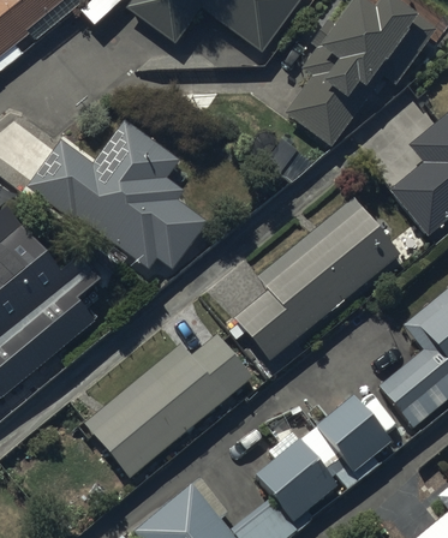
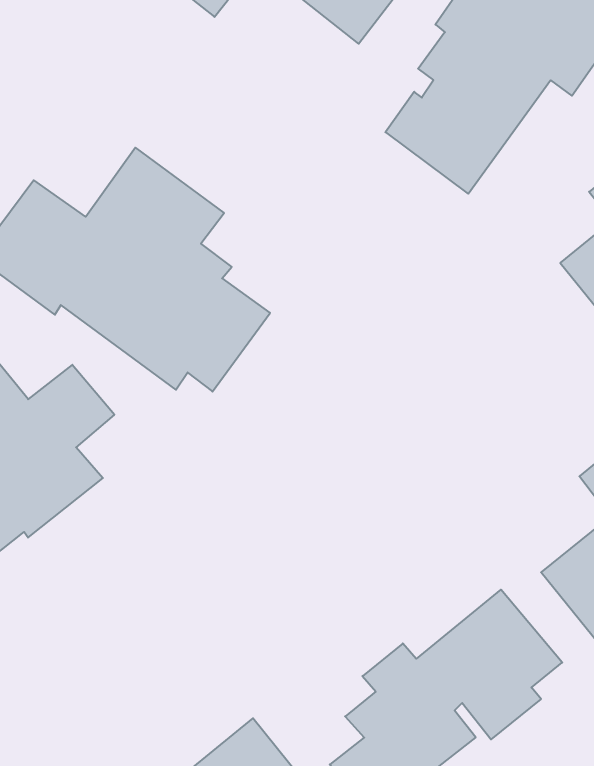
building: [233,196,400,359] -> none
building: [82,330,253,478] -> none

